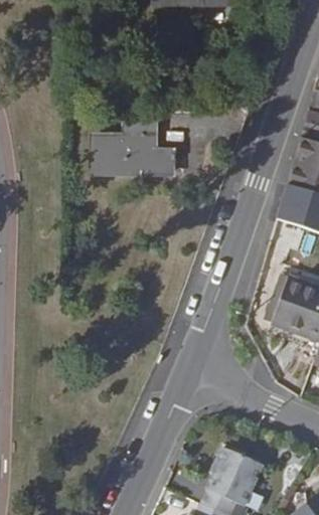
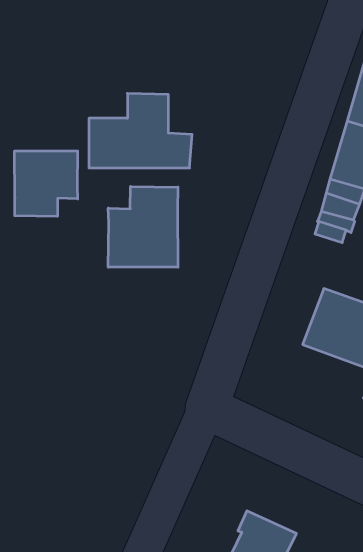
building: none -> [15,151,78,216]
building: none -> [108,186,178,267]

